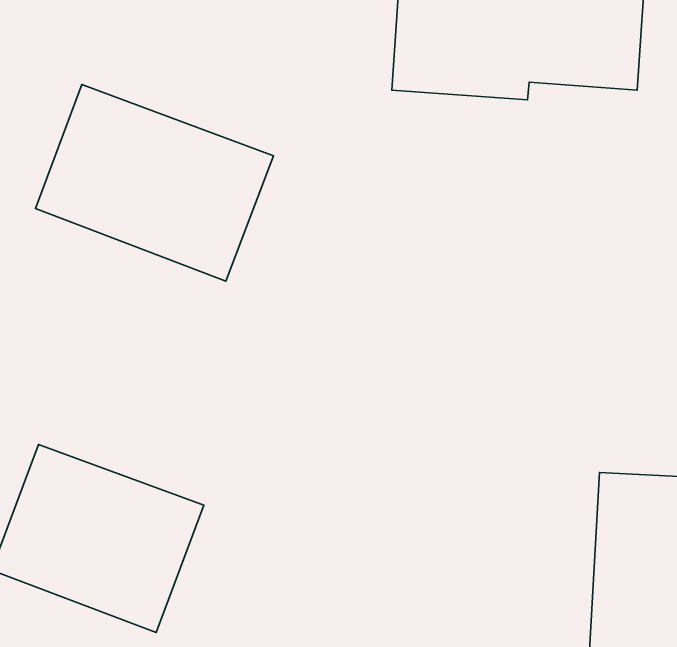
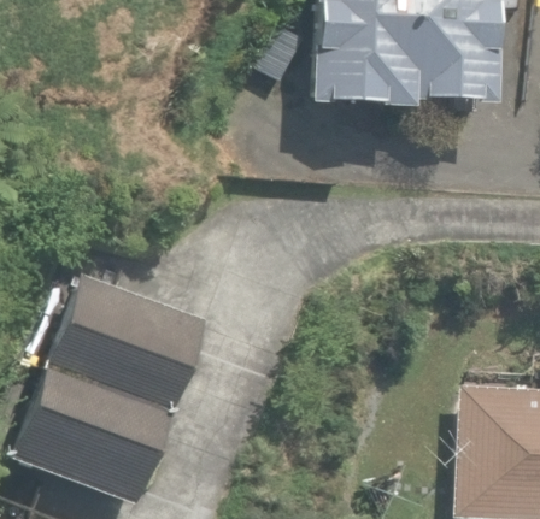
building: [36,85,273,281] -> none
building: none -> [51,275,206,409]

